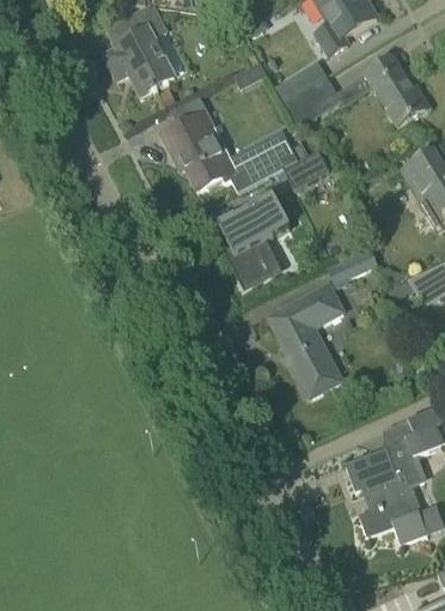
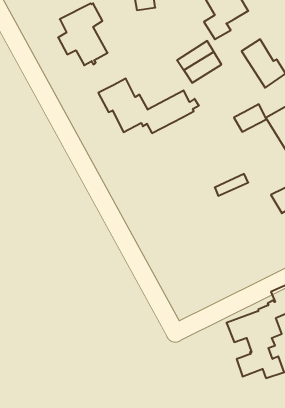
building: [282,149,329,188] -> [234,104,267,132]
building: [212,195,289,284] -> none
building: [267,283,343,397] -> none

